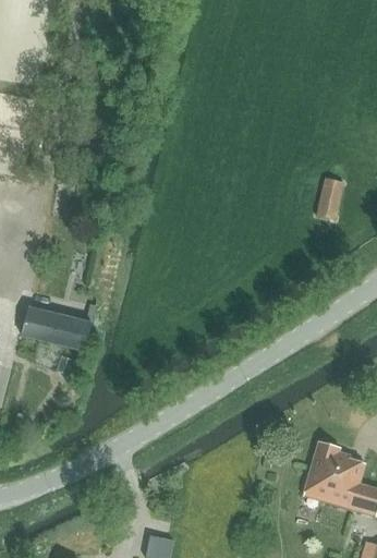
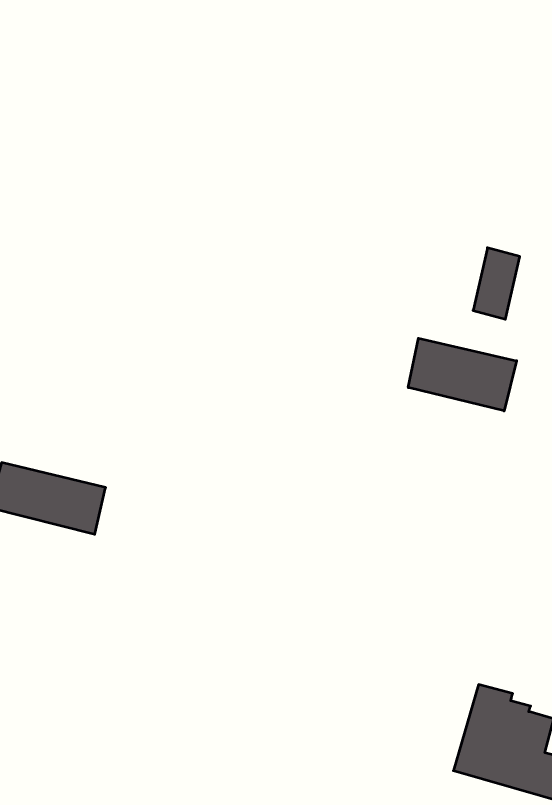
building: none -> [408,338,517,411]

